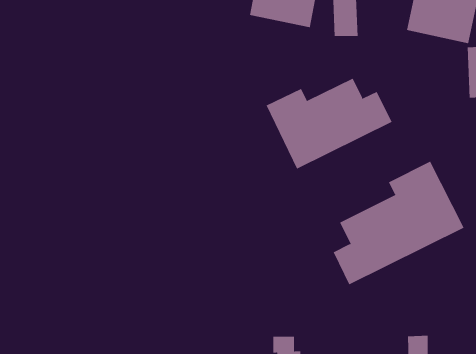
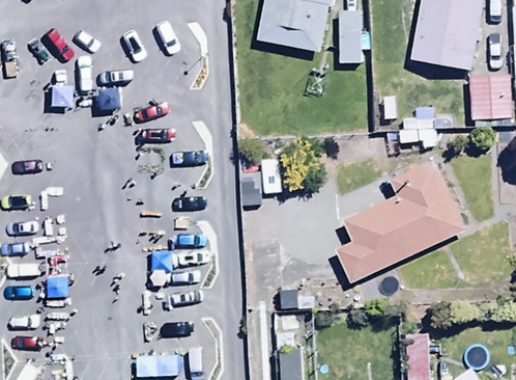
building: [266,78,393,169] -> none

